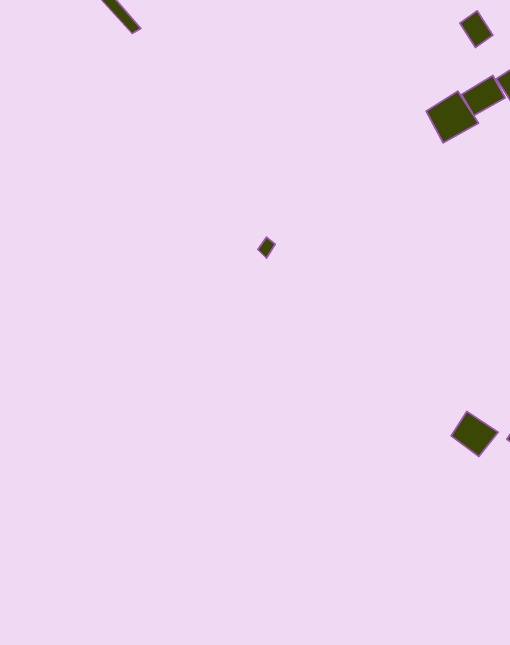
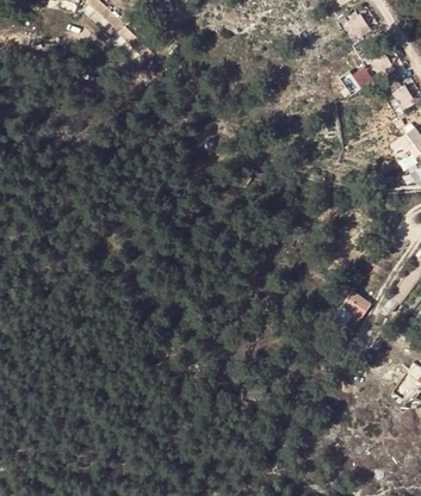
building: [426,91,478,143] -> none

